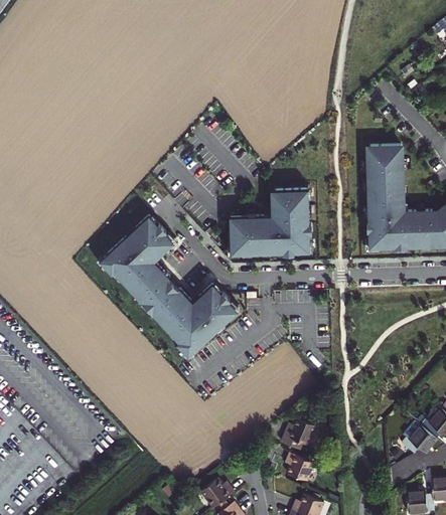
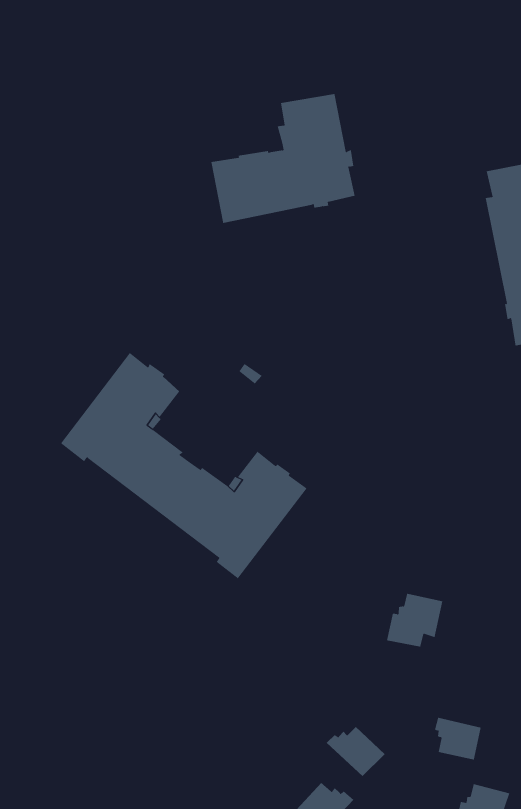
building: [231,191,312,254] -> [211,94,356,223]
building: [281,418,317,451] -> [386,593,443,647]
building: none -> [326,726,385,777]

